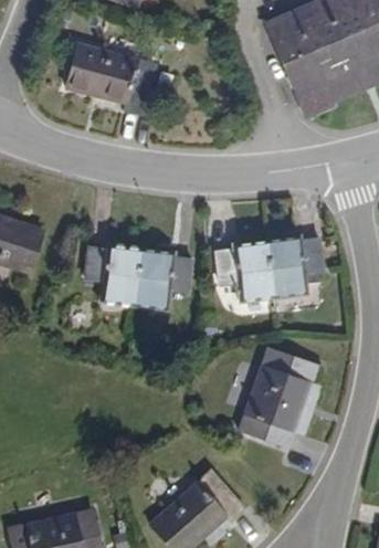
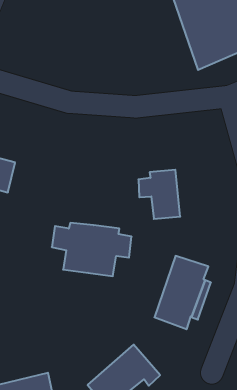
building: [67,52,155,124] -> none
building: [267,240,323,307] -> none
building: [86,241,196,314] -> [52,223,132,276]

